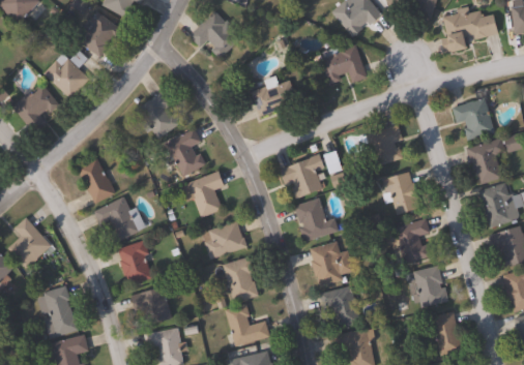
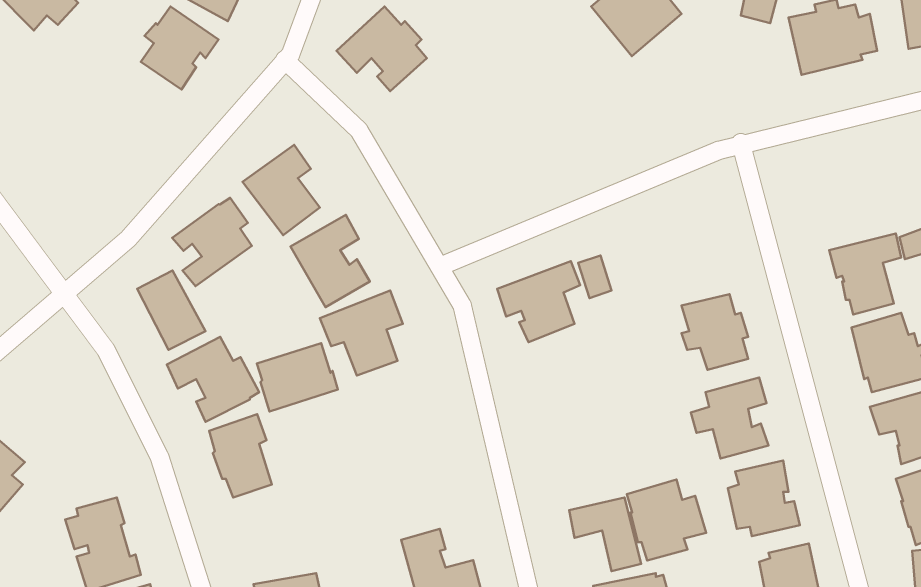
building: [321,43,367,84] -> none
building: [43,49,90,98] -> none
building: [252,75,297,115] -> none
building: [11,83,60,130] -> none
building: [460,97,496,141] -> none
building: none -> [172,198,252,286]
building: [359,124,405,169] -> none
building: [295,199,339,241] -> none
building: [8,216,52,268] -> none
building: [202,220,248,258] -> [257,343,338,412]
building: [310,241,354,286] -> [627,479,706,561]
building: [224,256,258,302] -> none
building: [132,286,173,326] -> none

